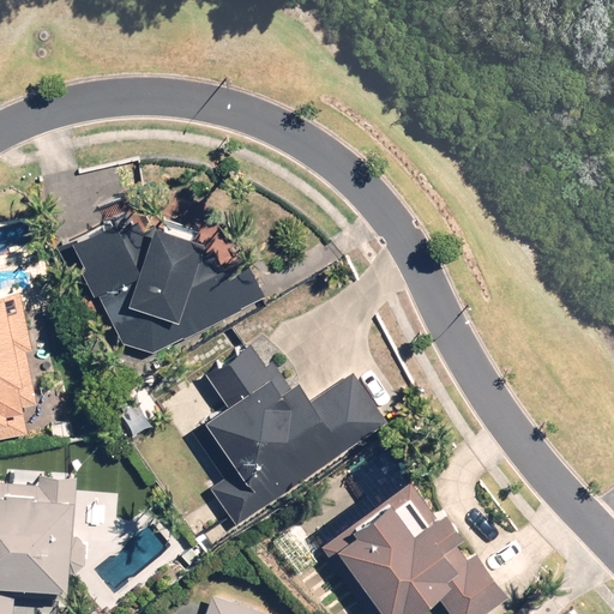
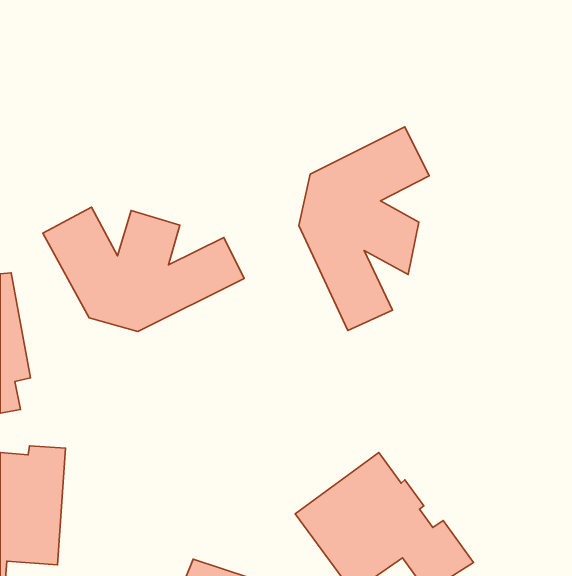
building: none -> [299,127,429,331]
building: [191,342,386,526] -> none

